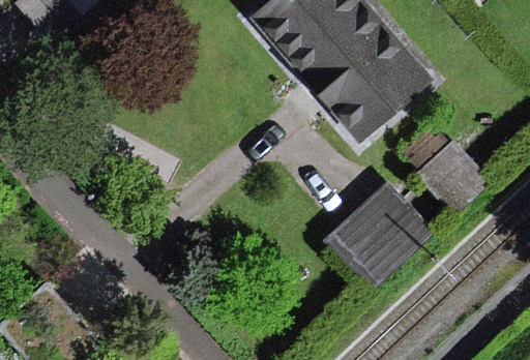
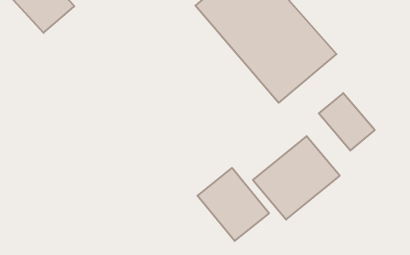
building: none -> [197,168,269,241]

